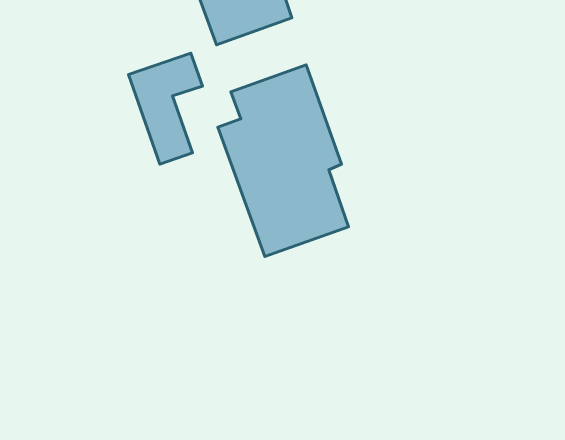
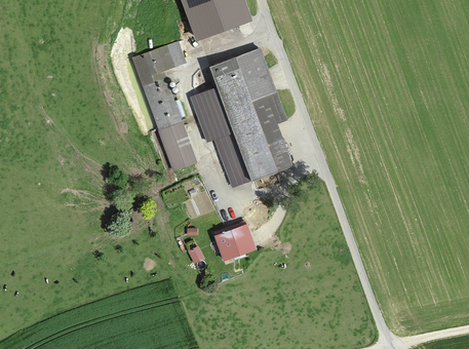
building: none -> [157,122,197,173]
building: none -> [213,223,257,261]

